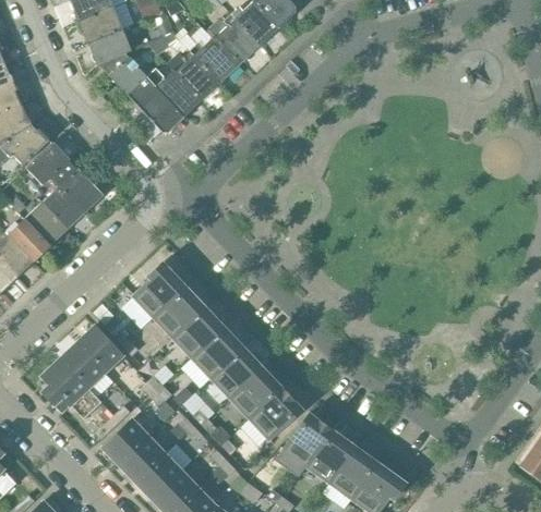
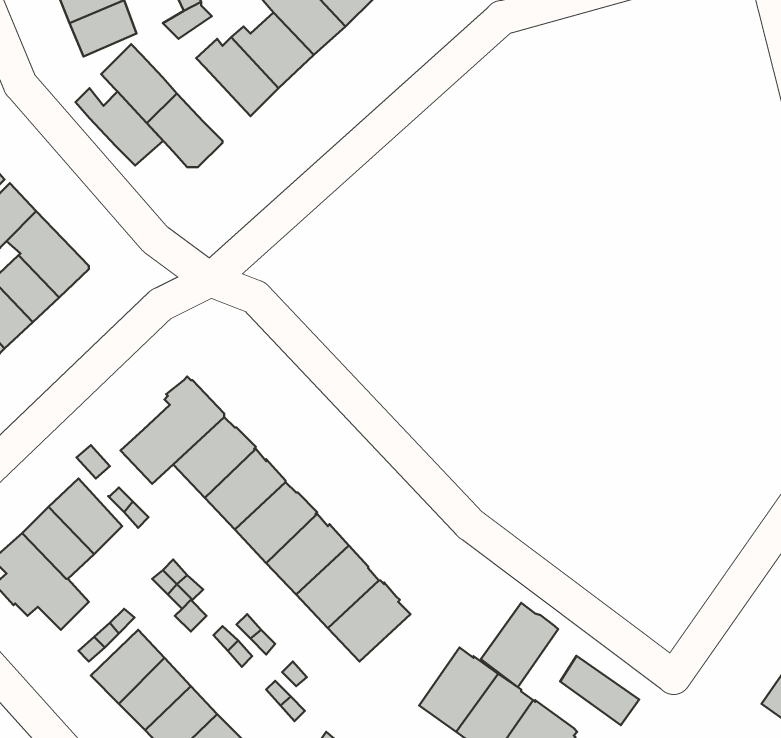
building: [147,68,202,115] -> [75,88,163,166]
building: [284,413,332,465] -> [481,603,558,687]
building: none -> [560,656,639,725]

